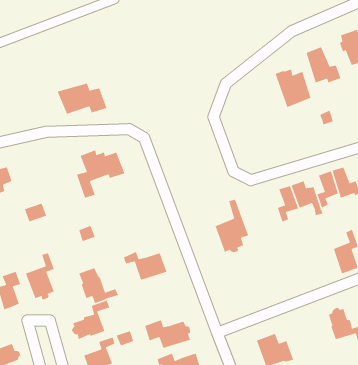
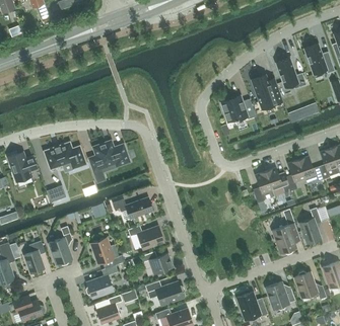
building: [57,83,107,115] -> [44,143,85,169]
building: none -> [221,95,256,121]
building: [214,198,249,253] -> [272,209,300,253]
building: none -> [112,196,153,219]
building: none -> [140,251,173,274]
building: none -> [265,281,295,309]

